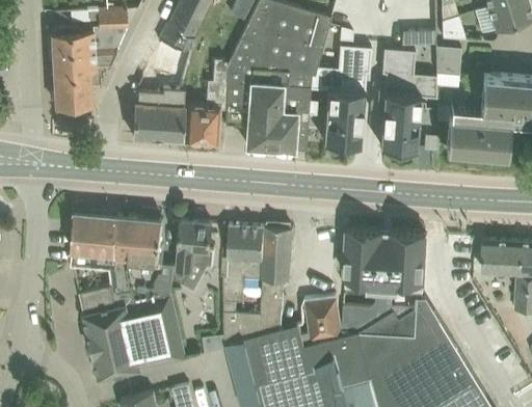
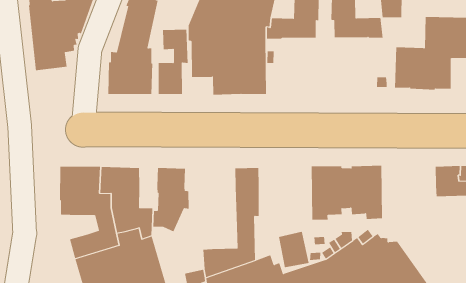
building: [323,90,364,145] -> none
building: [379,93,420,148] -> none
building: [223,226,264,315] -> none

